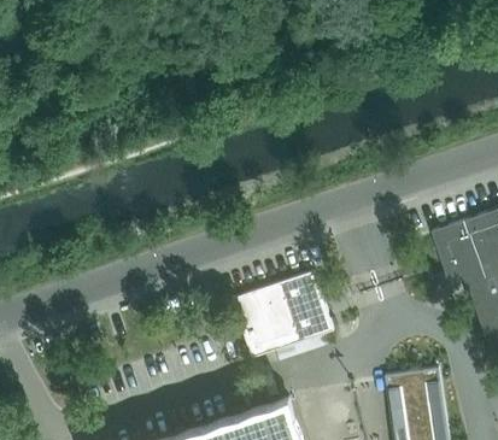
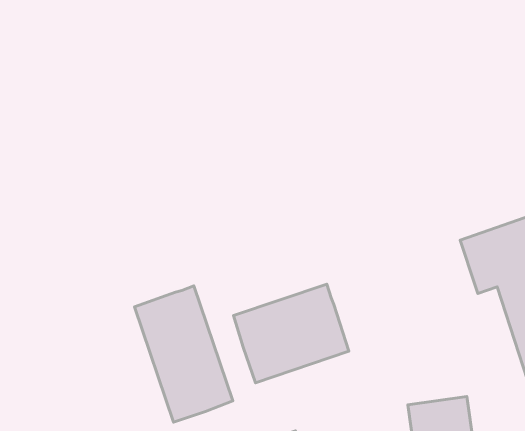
building: none -> [134,286,233,422]

